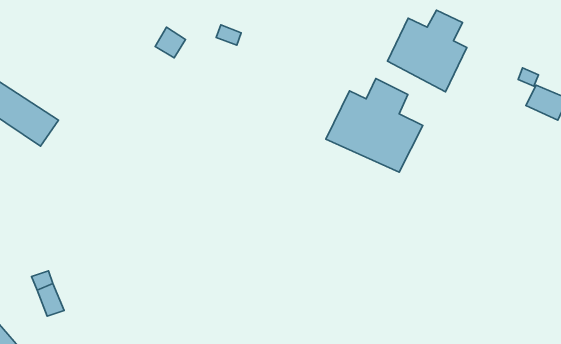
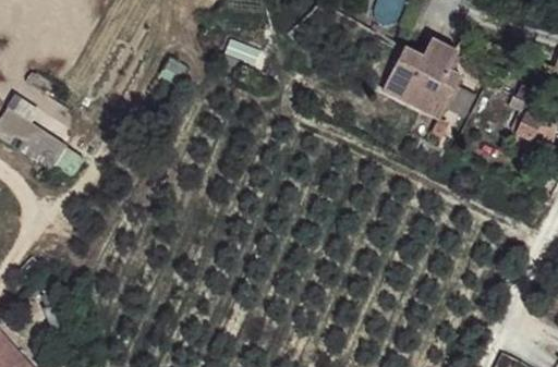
building: [326,79,423,172] -> none

